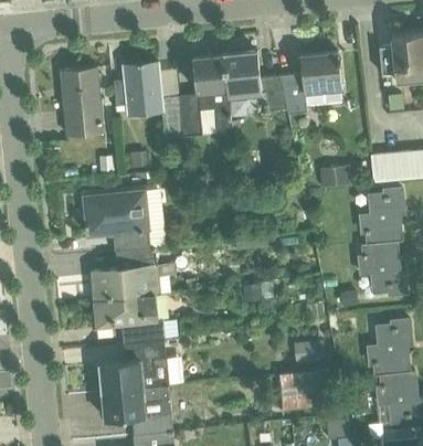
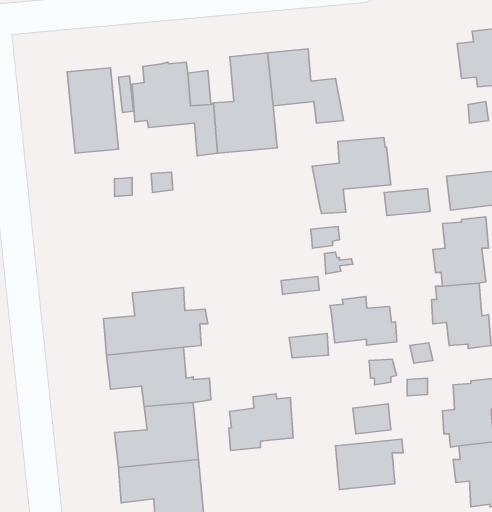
building: [279,53,343,115] -> [312,138,391,213]
building: [83,190,166,251] -> none
building: none -> [330,296,397,345]
building: none -> [229,394,293,451]

